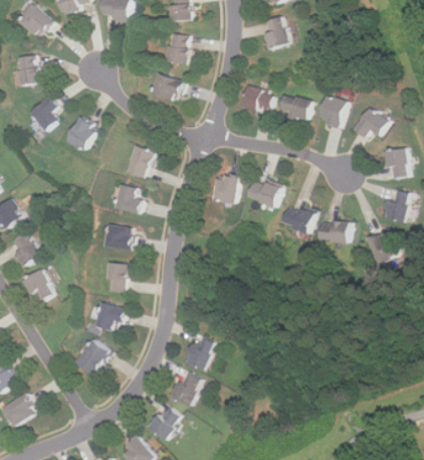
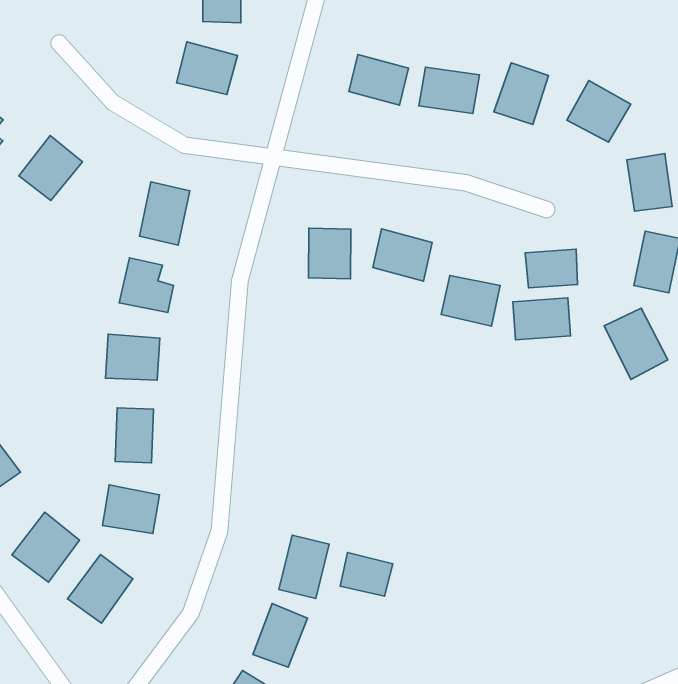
building: none -> [525,249,578,288]
building: none -> [12,512,79,582]
building: none -> [340,553,393,596]

